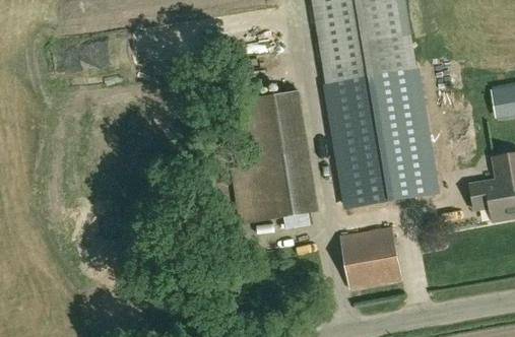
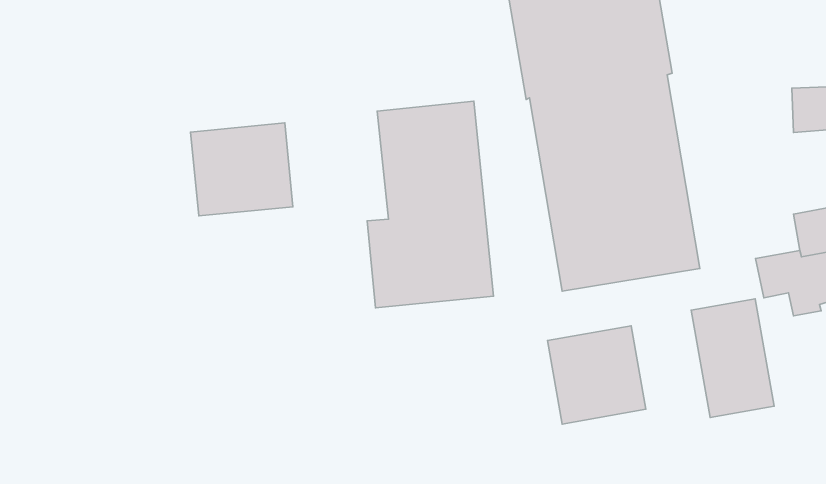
building: none -> [191,123,293,216]
building: none -> [691,299,774,417]

